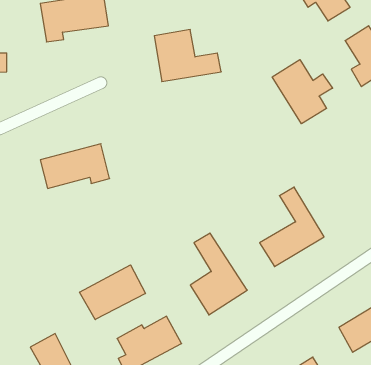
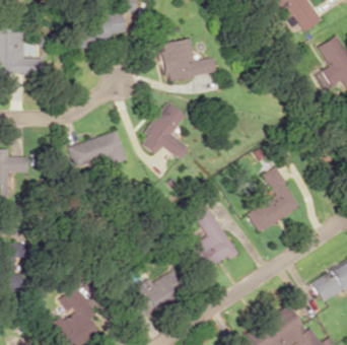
building: [272,60,333,124] -> none
building: none -> [142,102,190,160]
building: [80,265,145,320] -> none

